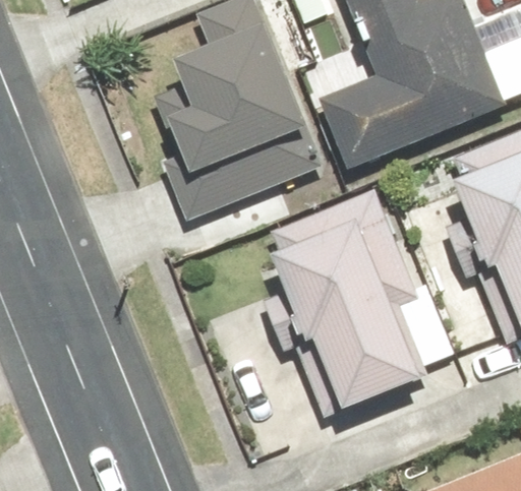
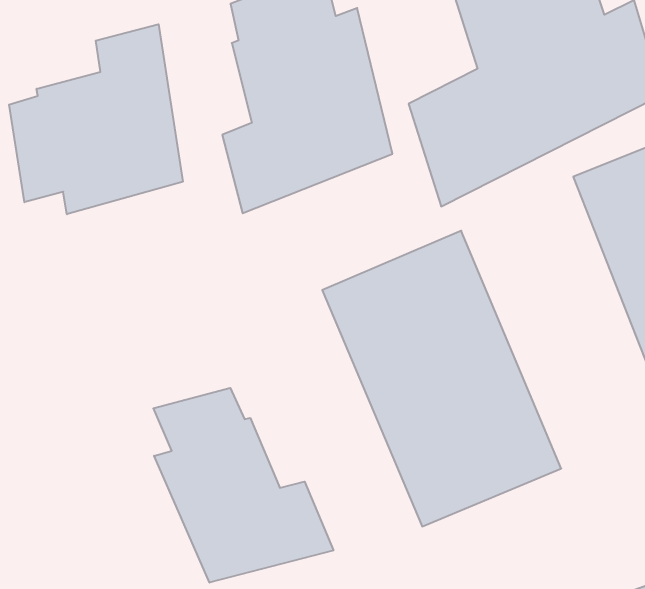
building: none -> [9,24,183,214]
building: none -> [153,388,333,583]

